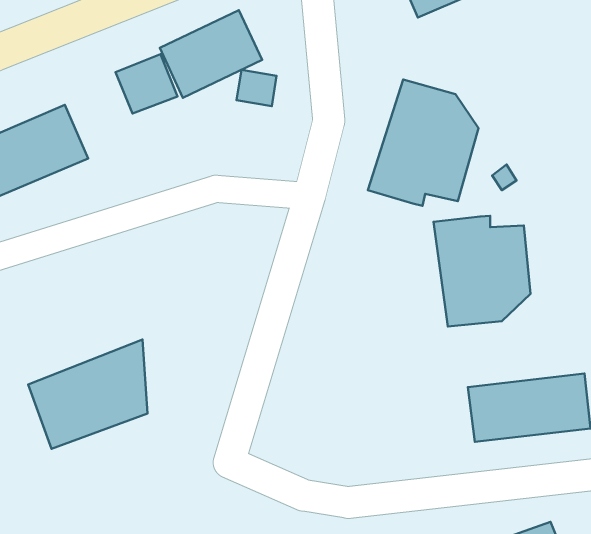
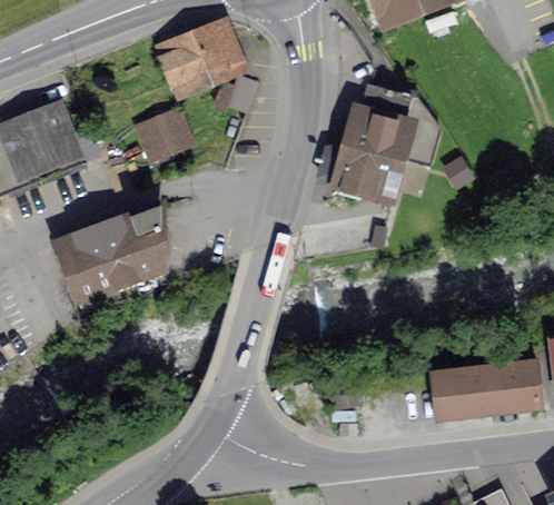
building: [116,54,178,114] -> [137,113,194,168]
building: [434,216,531,326] -> none
building: [28,339,147,449] -> [56,202,165,303]

